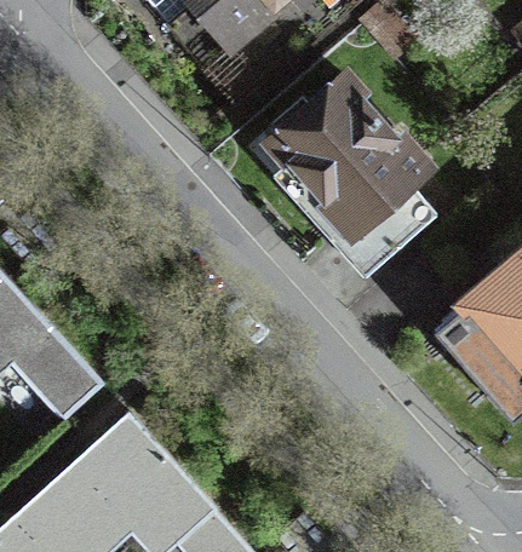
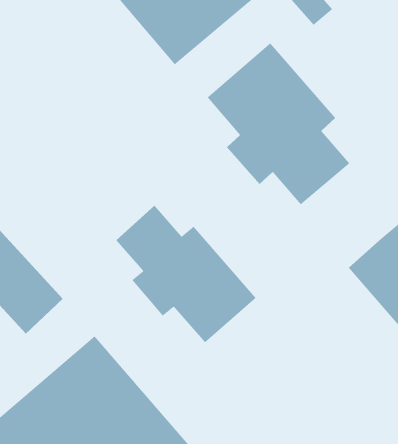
building: none -> [115,205,257,343]

